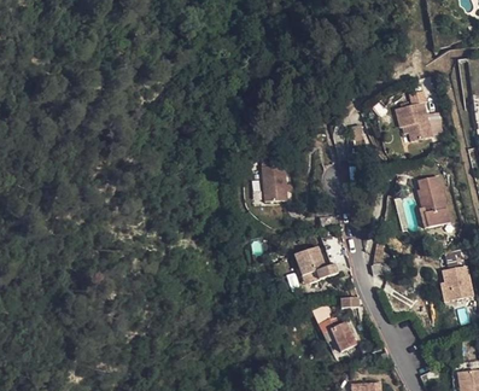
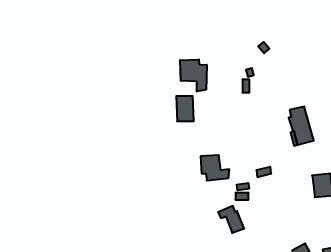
building: [396,91,433,142] -> none
building: none -> [180,59,207,92]

